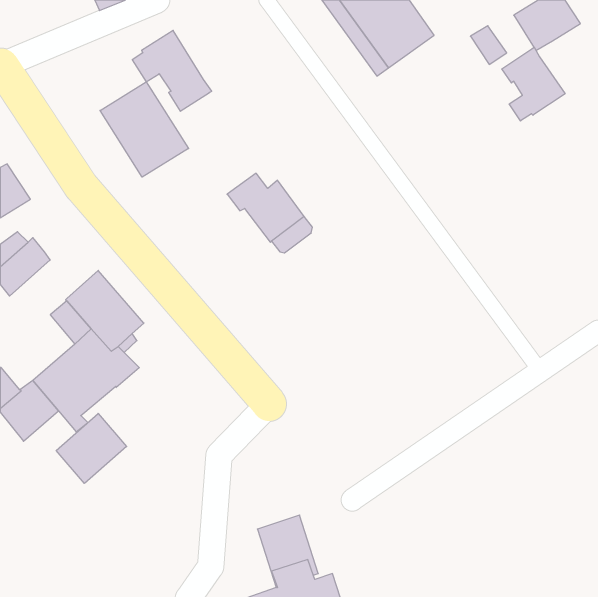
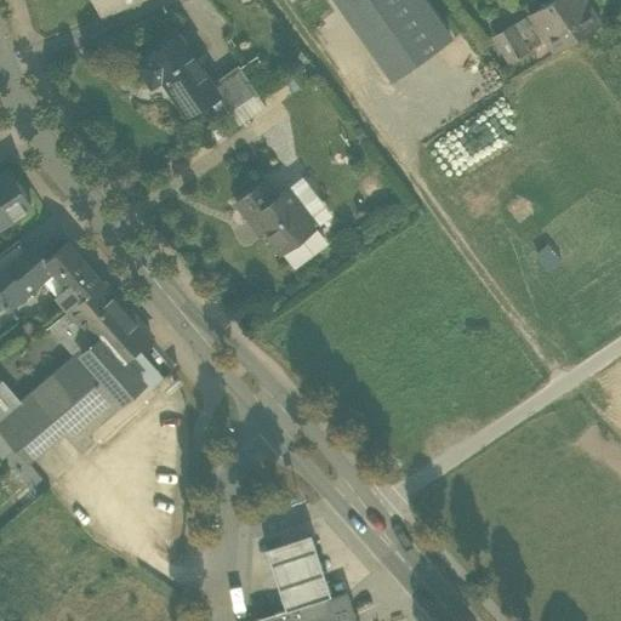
building: [502,47,565,121] -> none
building: none -> [211,65,256,112]
building: [100,82,189,177] -> none
building: none -> [46,243,102,310]
building: [56,413,127,483] -> none

